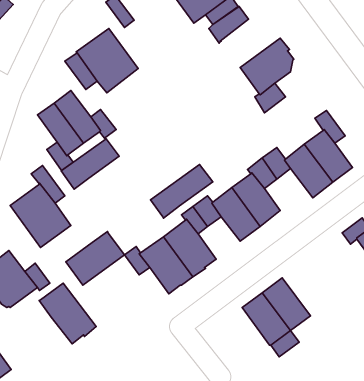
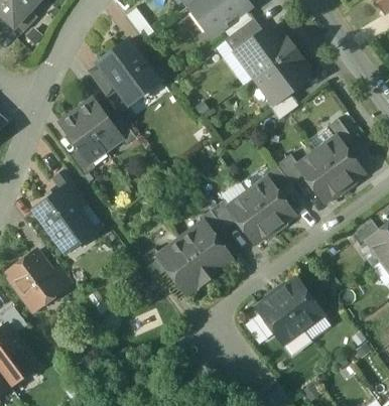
building: none -> [236,30,293,78]
building: [61,139,119,189] -> none
building: [151,164,213,218] -> none
building: [66,232,125,285] -> none
building: [39,283,96,344] -> none

